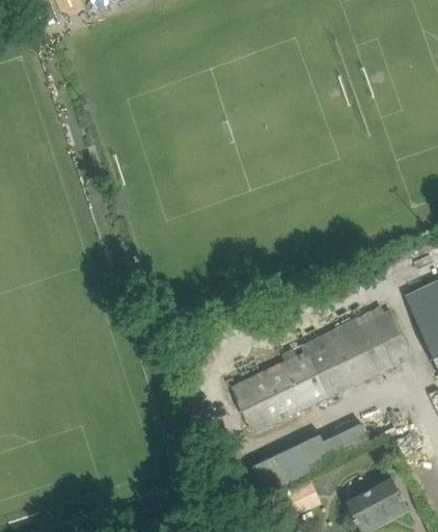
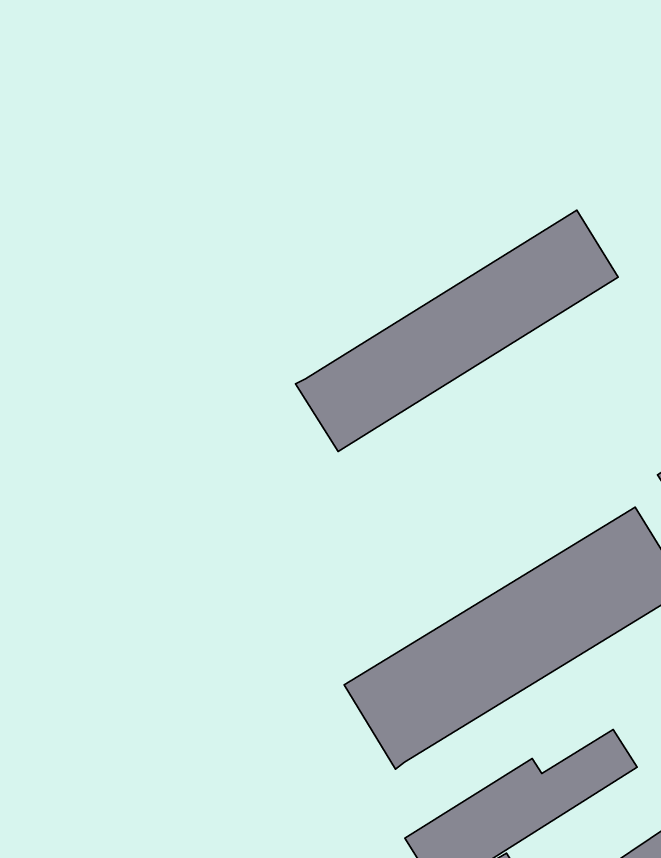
building: none -> [295,210,618,452]

